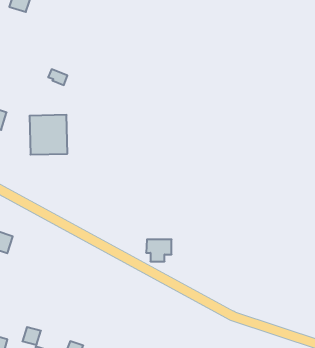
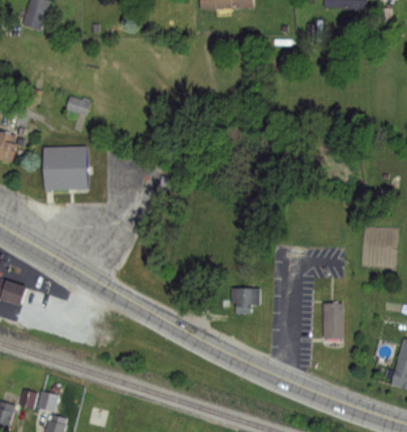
building: [146,239,172,261] -> [231,288,260,313]
building: none -> [323,296,343,336]

